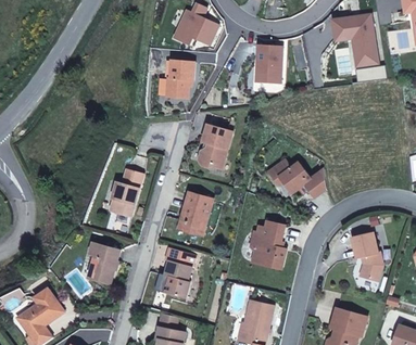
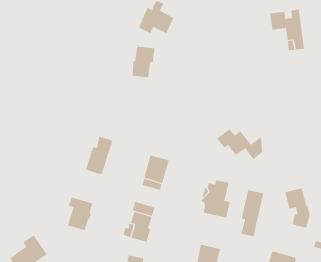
building: [255,44,281,82] -> none
building: [198,124,231,167] -> none
building: none -> [240,189,264,237]

